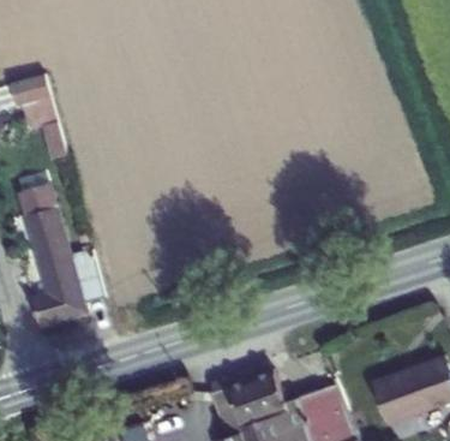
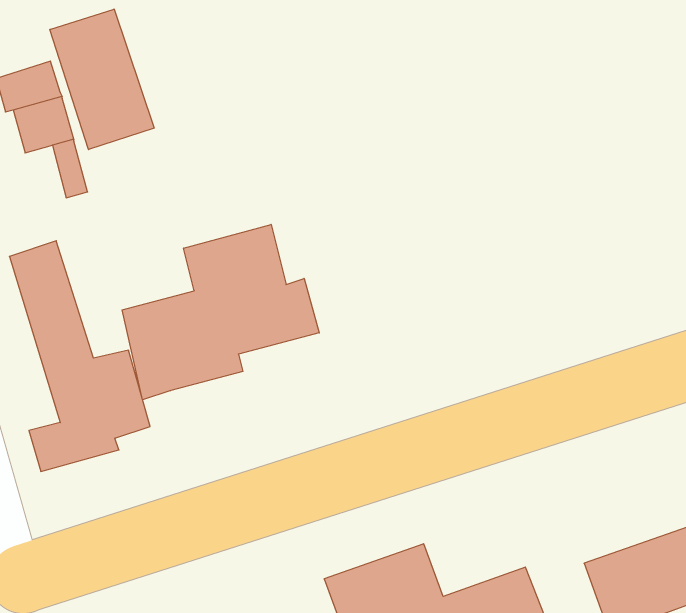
building: none -> [50,9,154,150]
building: none -> [122,224,319,400]

